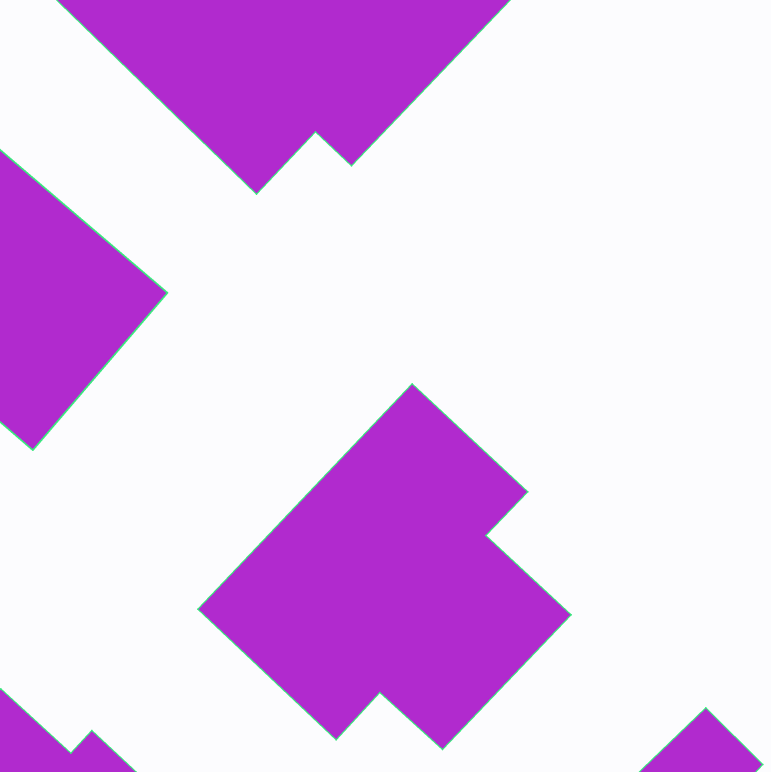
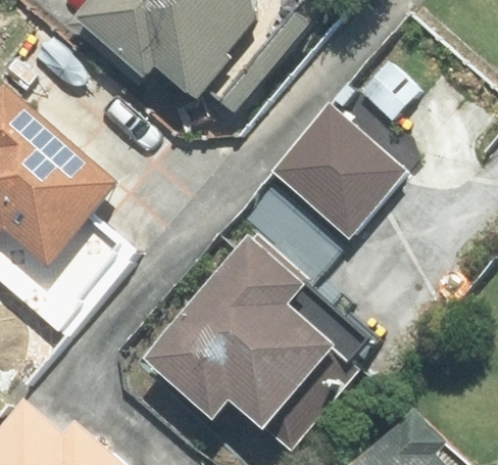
building: none -> [266,100,403,236]

